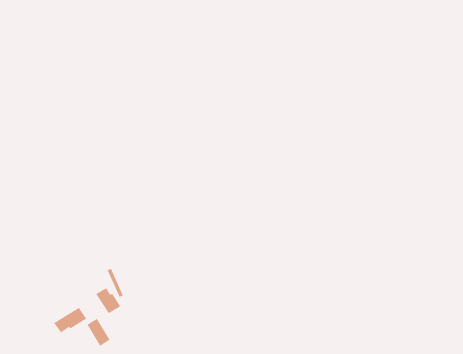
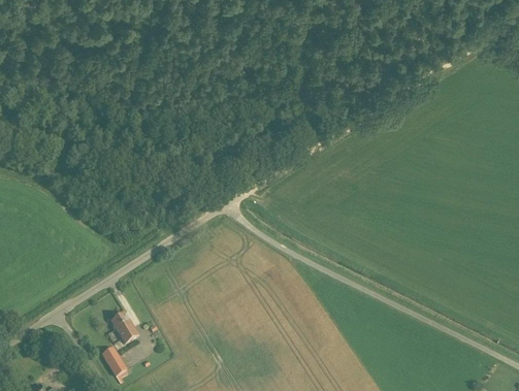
building: [53,307,87,333] -> none

